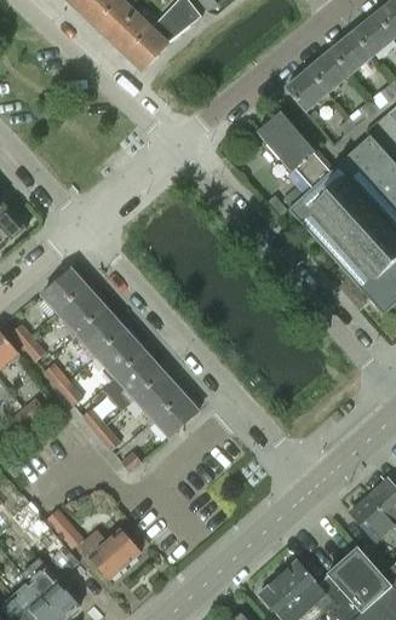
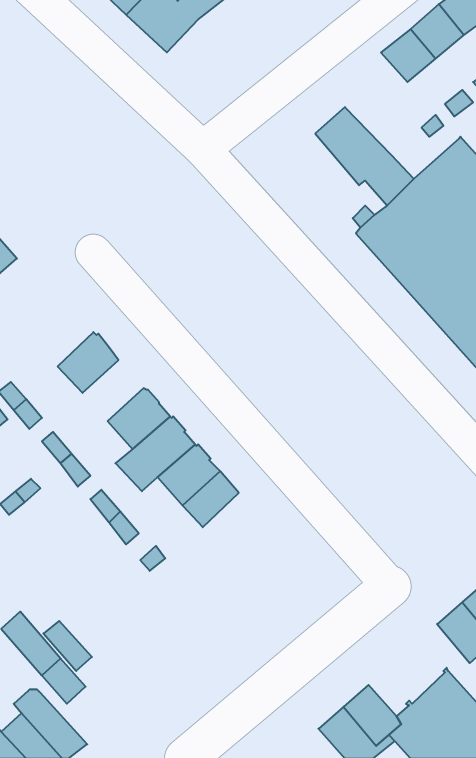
building: [286,69,328,111] -> none
building: [41,269,85,312] -> none
building: [76,308,124,355] -> none
building: [81,529,140,579] -> none

